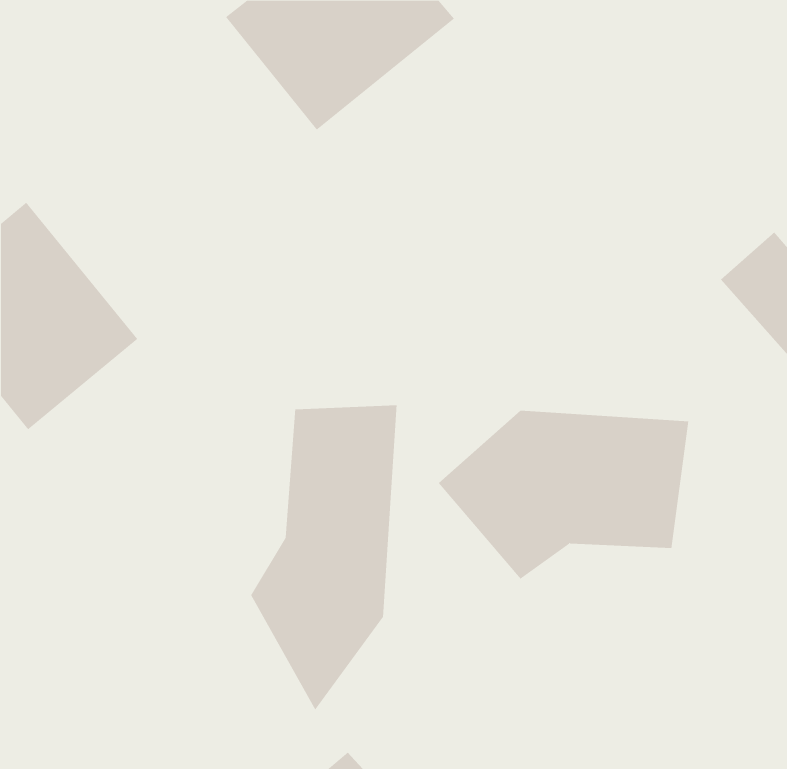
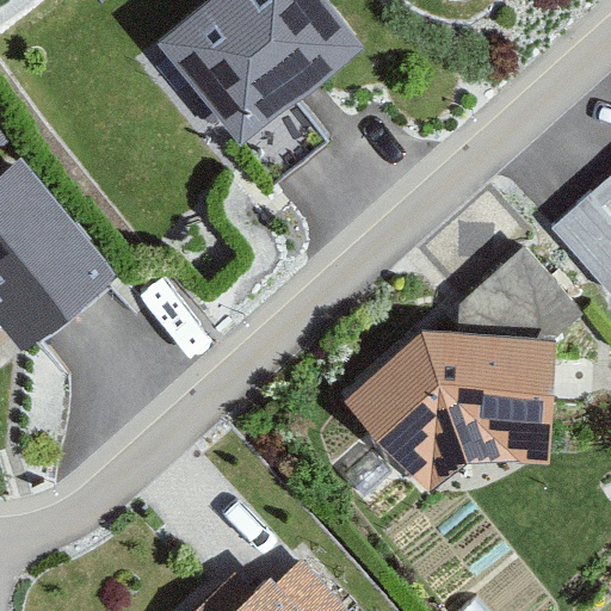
building: none -> [470,274,556,333]
building: [250,404,397,710] -> none

